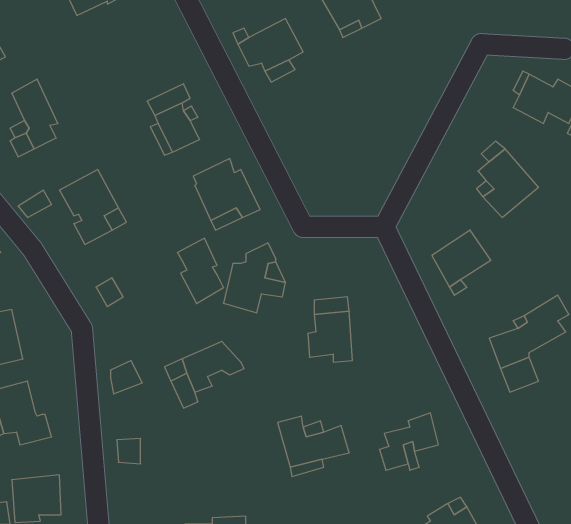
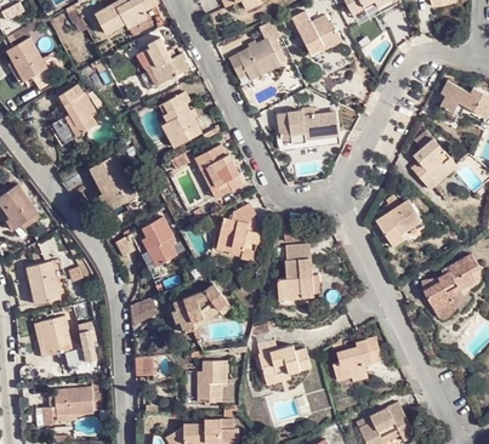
building: none -> [141,36,177,84]
building: none -> [274,109,336,152]
building: [177,238,224,304] -> [146,216,181,266]
building: none -> [198,359,231,400]

